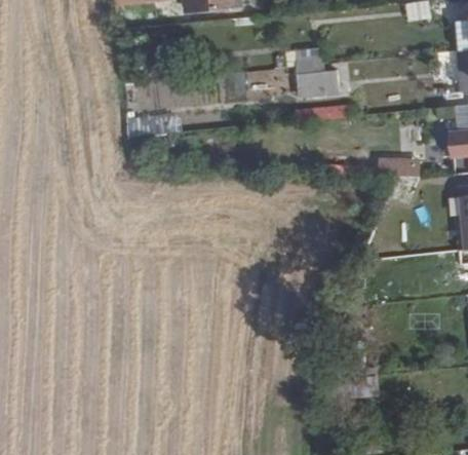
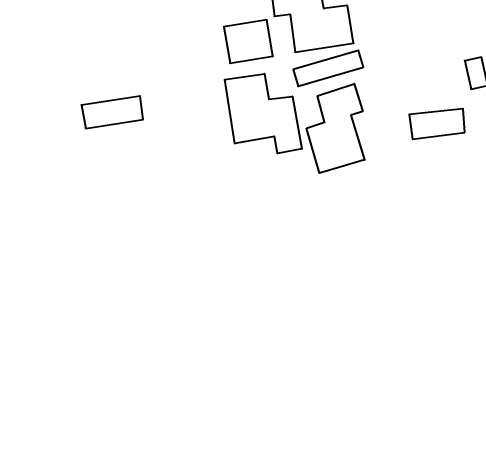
building: none -> [225,74,302,153]
building: none -> [307,84,365,173]

